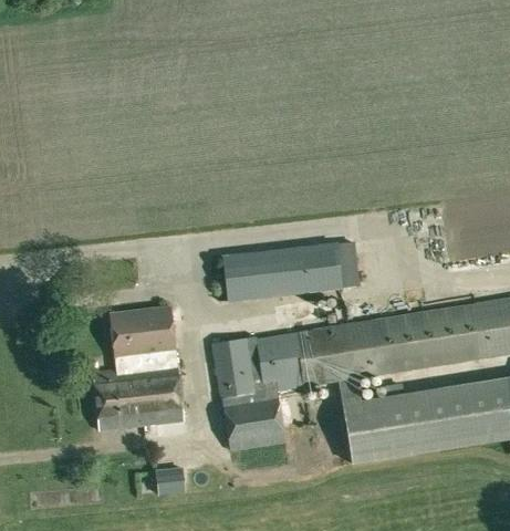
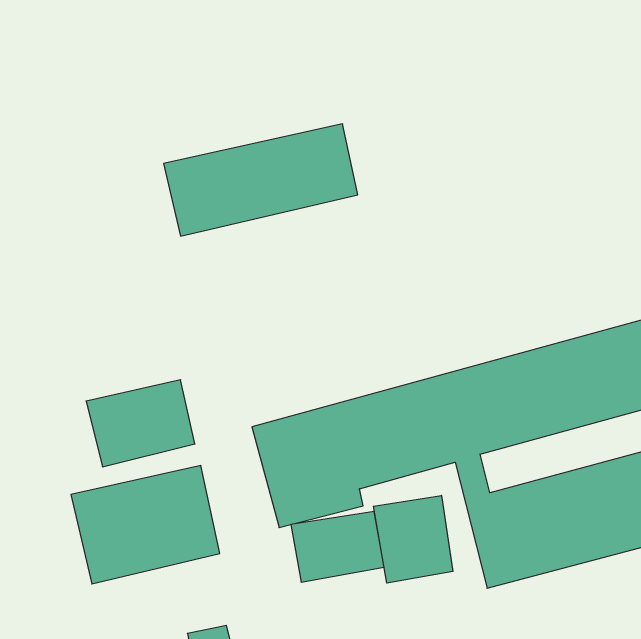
building: [222,243,344,303] -> [164,124,358,236]
building: none -> [373,495,453,583]

